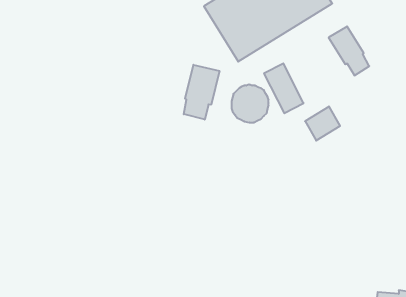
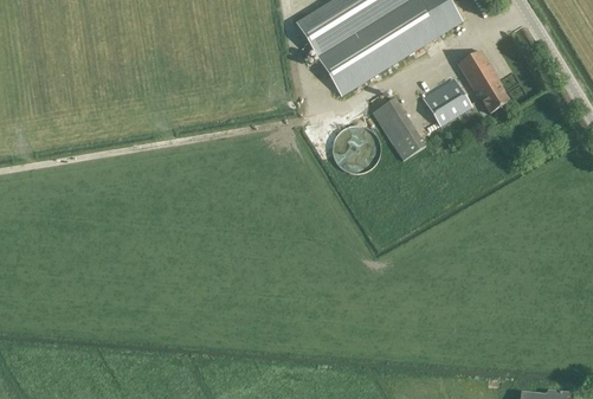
building: [184,65,219,120] -> none
building: [305,106,340,141] -> [426,82,471,126]

